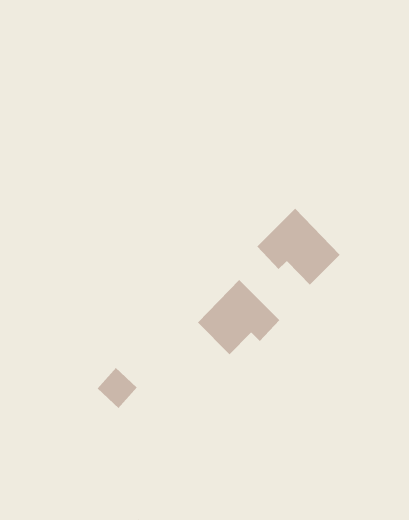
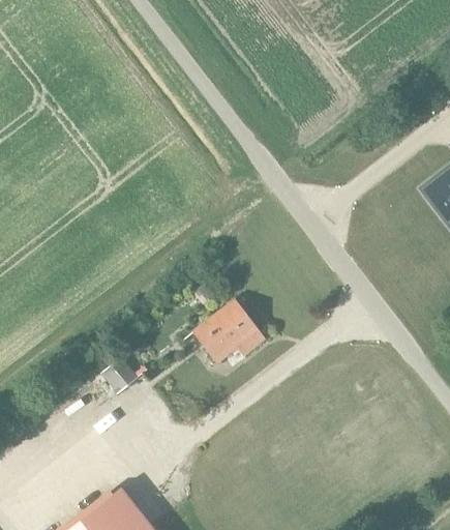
building: [257,208,340,286] -> none

